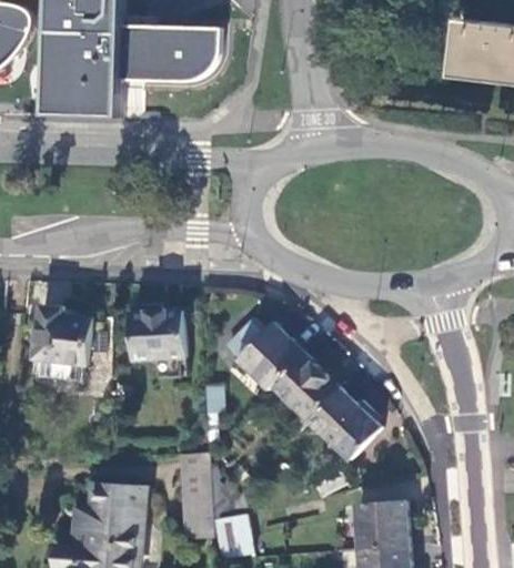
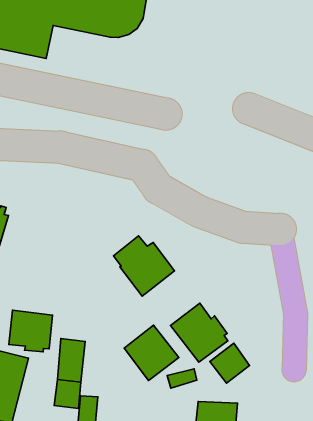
building: [132,303,185,358] -> none
building: [273,353,341,420] -> [124,325,179,380]
building: none -> [210,343,250,383]
building: none -> [9,310,52,352]

